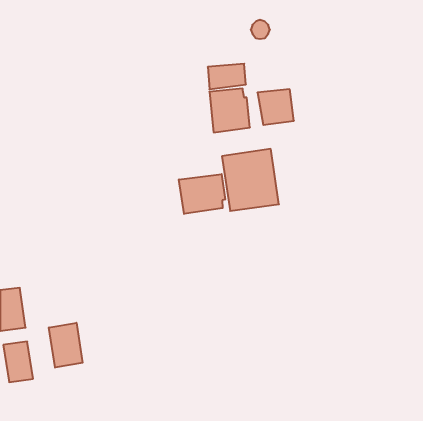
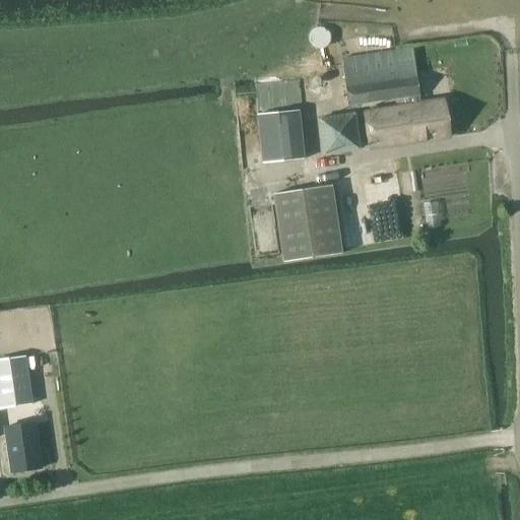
building: none -> [342,50,450,149]
building: [179,174,225,214] -> none
building: [49,323,83,368] -> none

